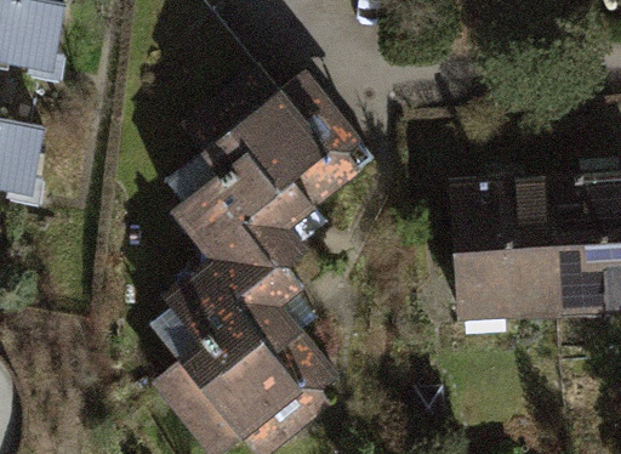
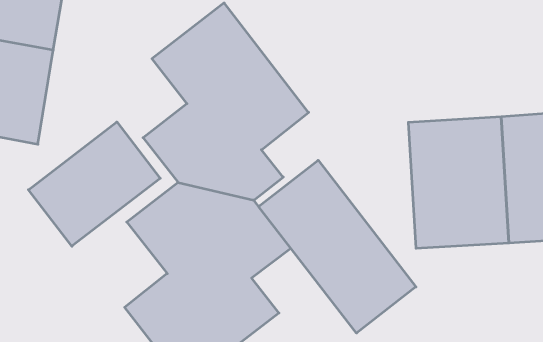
building: none -> [28,122,160,246]
building: none -> [259,160,416,333]

